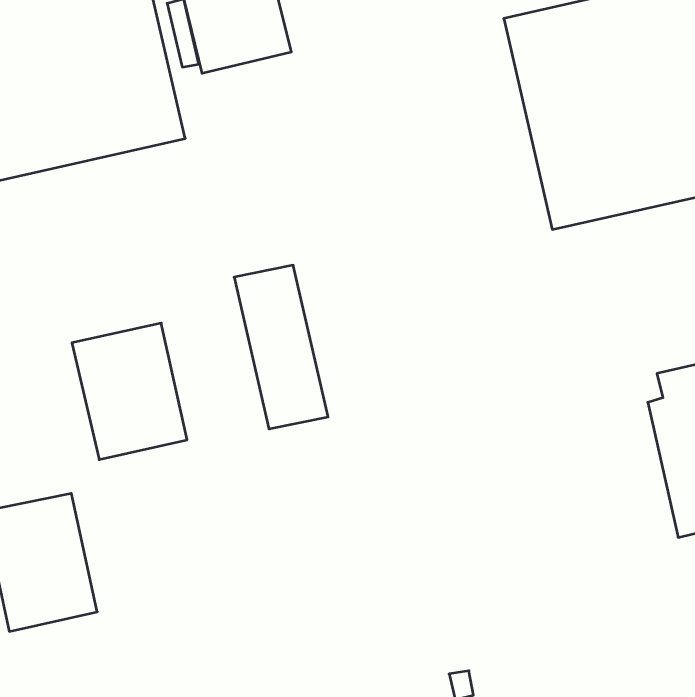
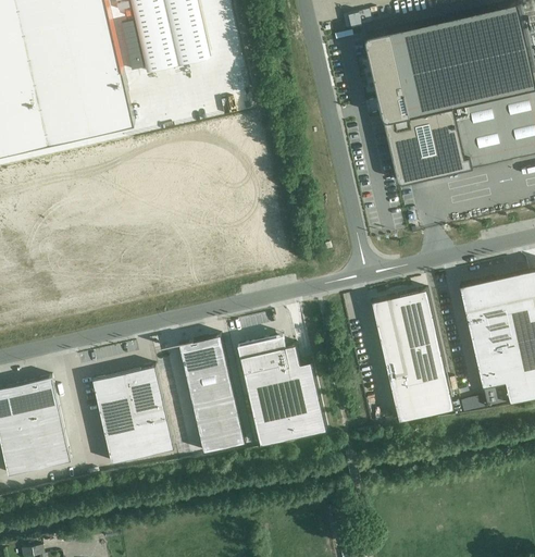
building: [234,265,328,429] -> [178,335,246,453]
building: [72,323,187,460] -> [91,366,174,463]
building: none -> [371,289,455,423]
building: none -> [237,335,327,446]

